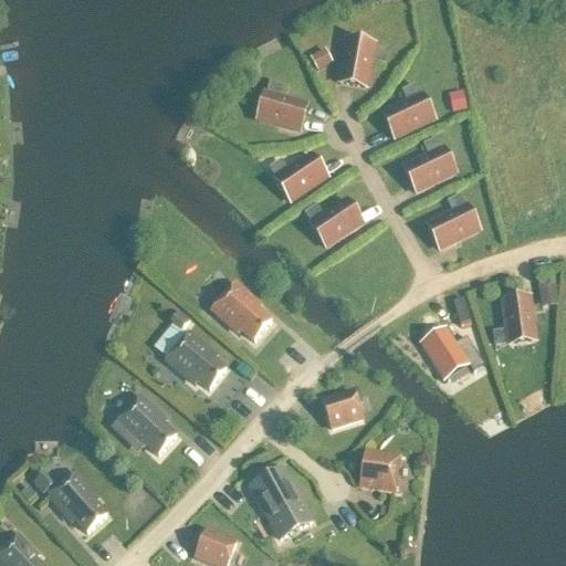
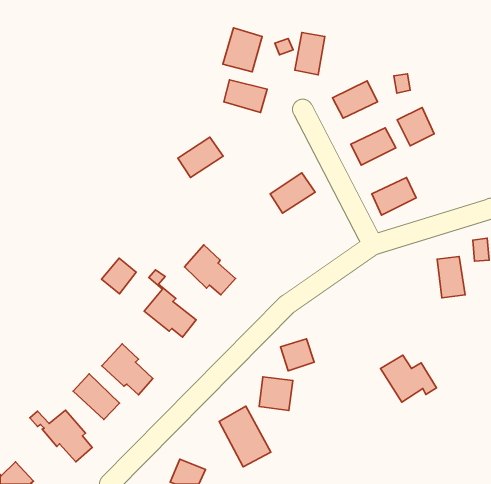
building: none -> [223,28,262,72]
building: none -> [397,107,434,146]
building: [275,153,327,199] -> [178,137,223,177]
building: none -> [102,258,136,294]
building: [420,326,484,380] -> [381,355,436,402]
building: none -> [73,374,120,419]
building: [360,450,399,489] -> [259,377,293,410]

